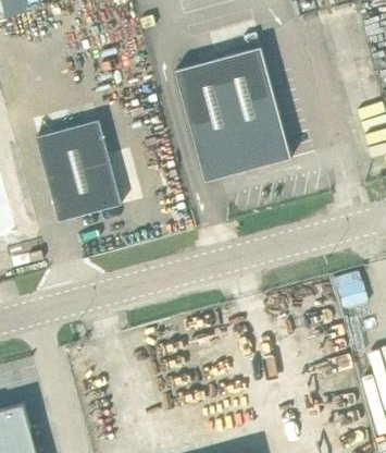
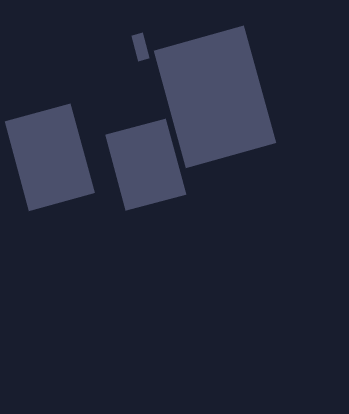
building: none -> [104,118,187,212]

